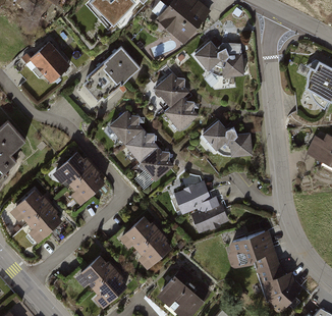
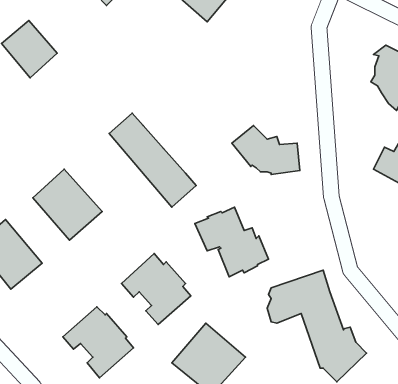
building: [192,41,243,77] -> none
building: [84,48,137,100] -> none
building: [152,72,199,131] -> none

